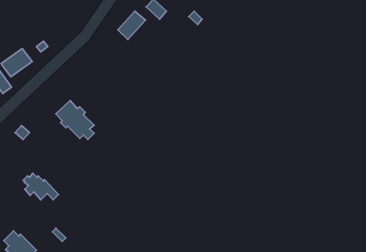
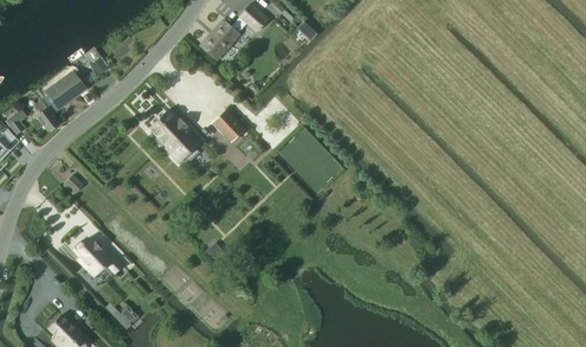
building: none -> [212,109,244,141]
building: [56,101,94,139] -> [149,109,200,161]

